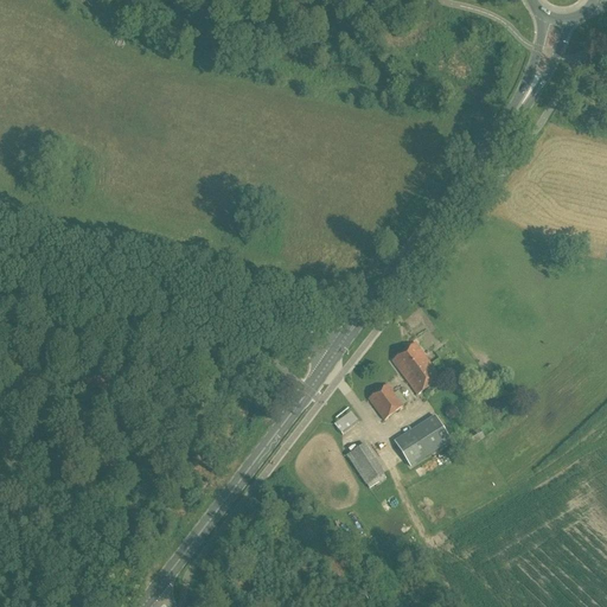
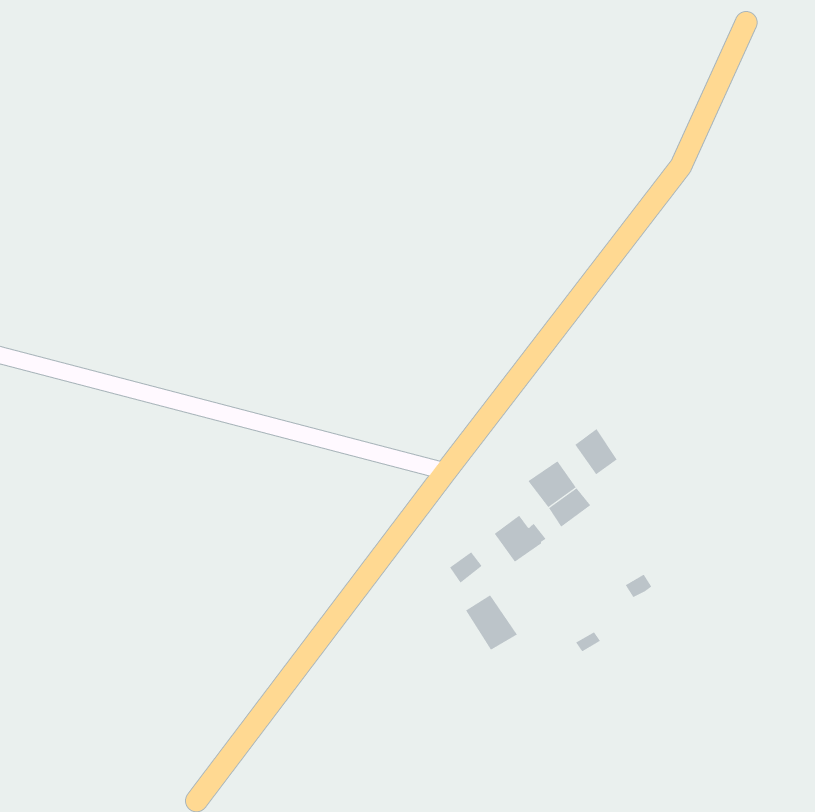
building: none -> [575,428,617,475]
building: [392,414,451,466] -> none

